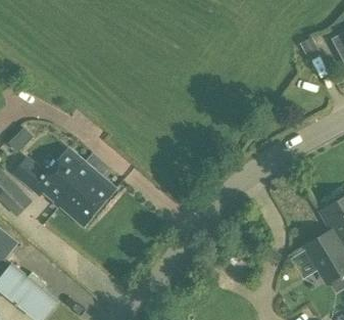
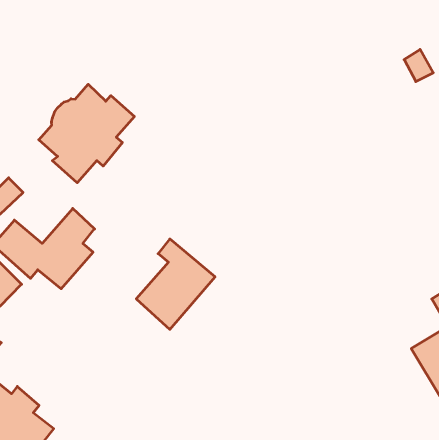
building: none -> [39,84,134,183]
building: [60,163,115,226] -> [136,239,215,329]

